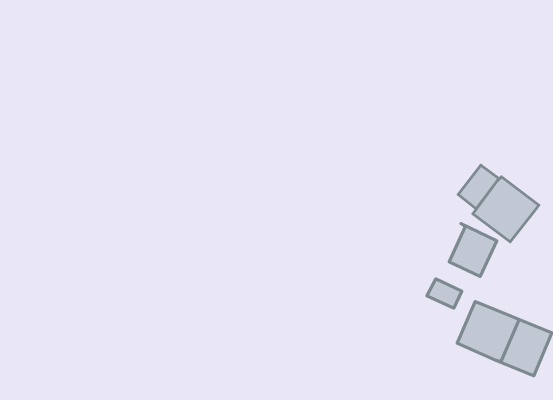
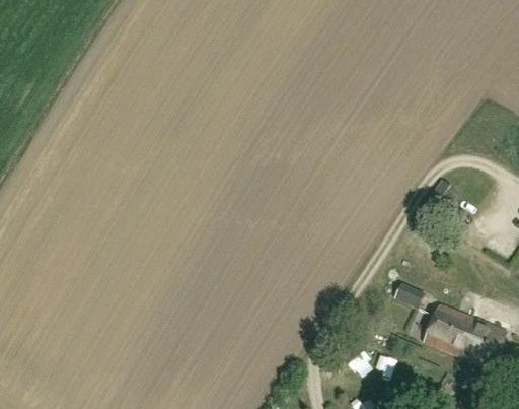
building: [473,177,539,242] -> none
building: [449,224,497,277] -> none

